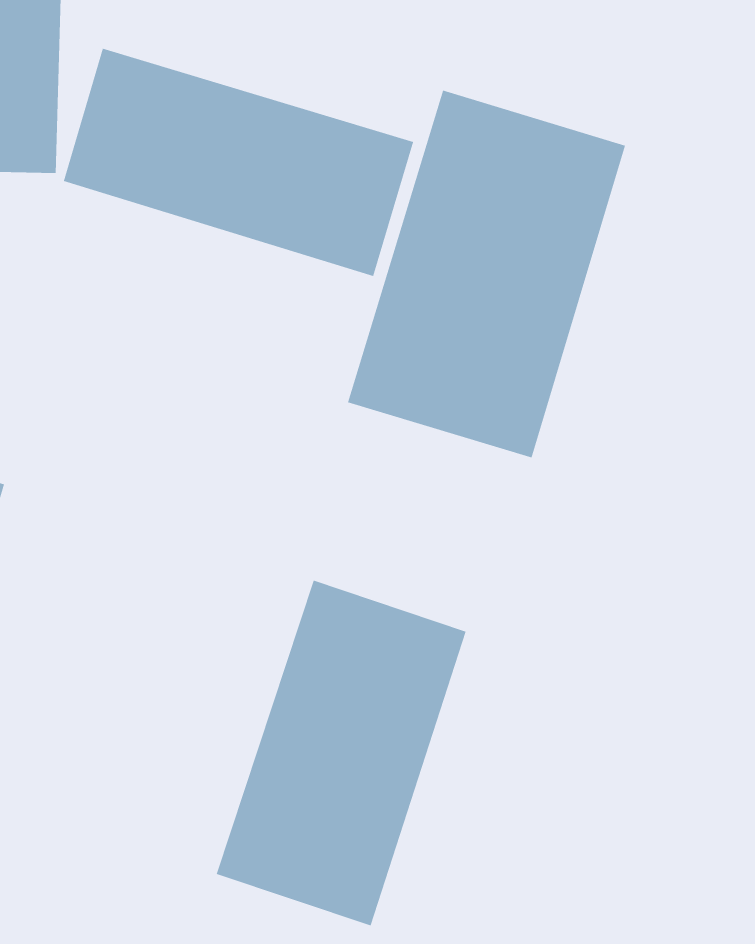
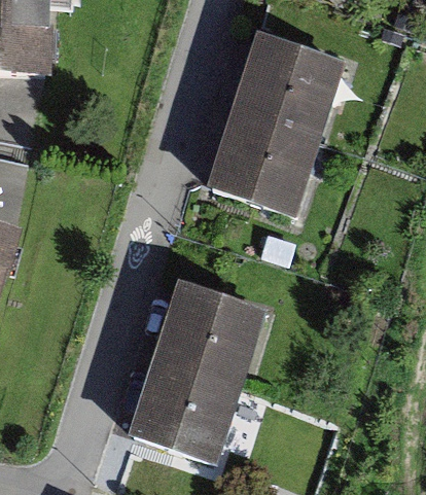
building: [63,48,414,277] -> none

